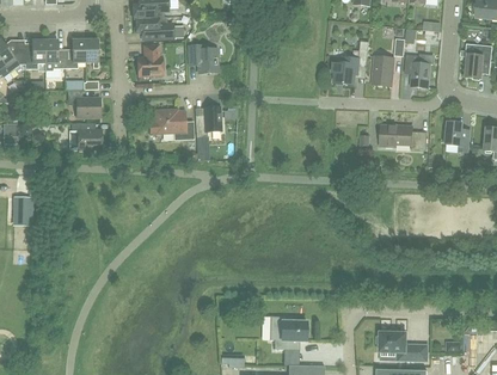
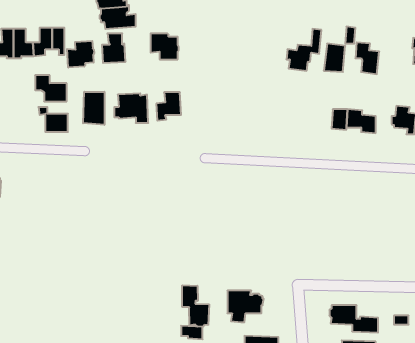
building: none -> [67,41,94,68]
building: none -> [83,92,104,125]
building: none -> [182,285,209,327]

